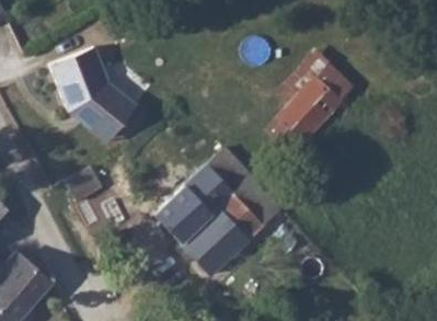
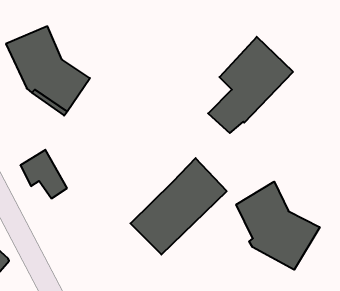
building: [153,151,248,245] -> none
building: none -> [236,182,320,270]

